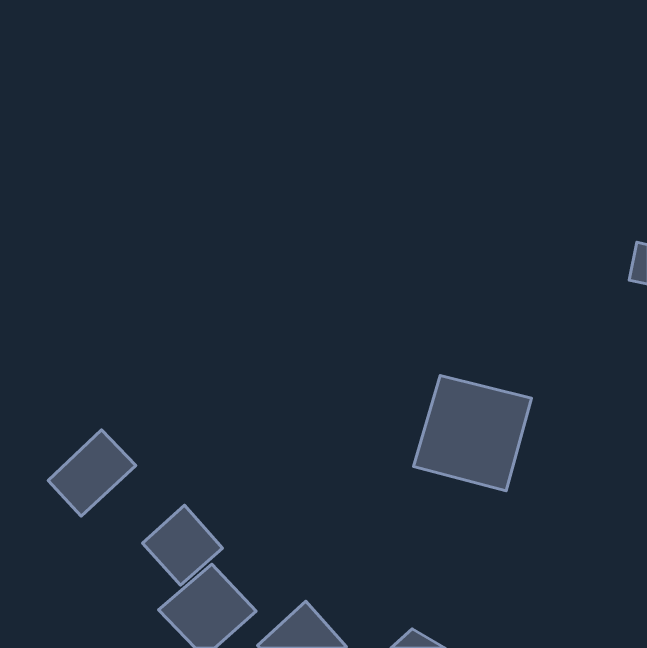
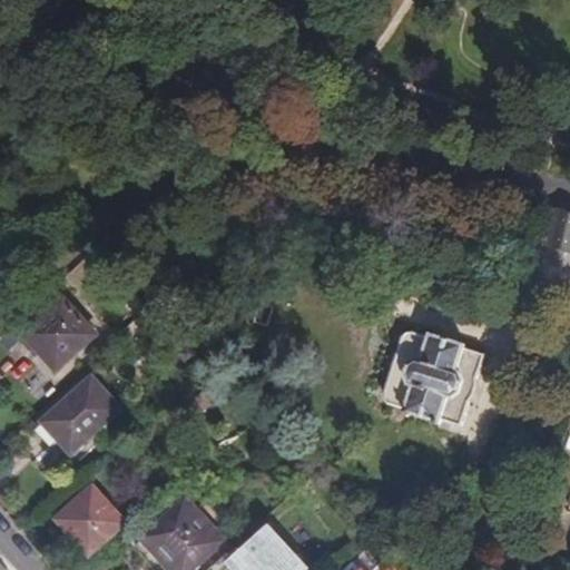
building: none -> [26,299,96,371]
building: [143,505,222,585] -> [60,487,130,557]

